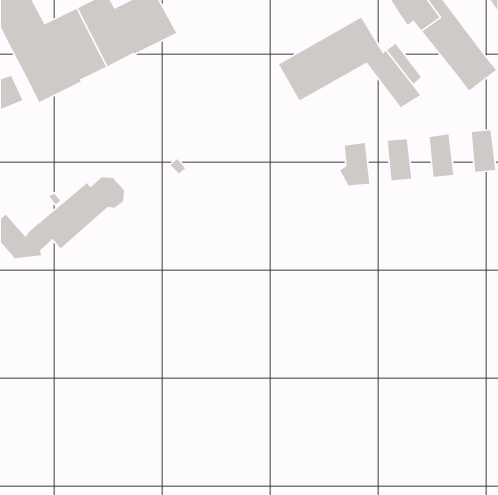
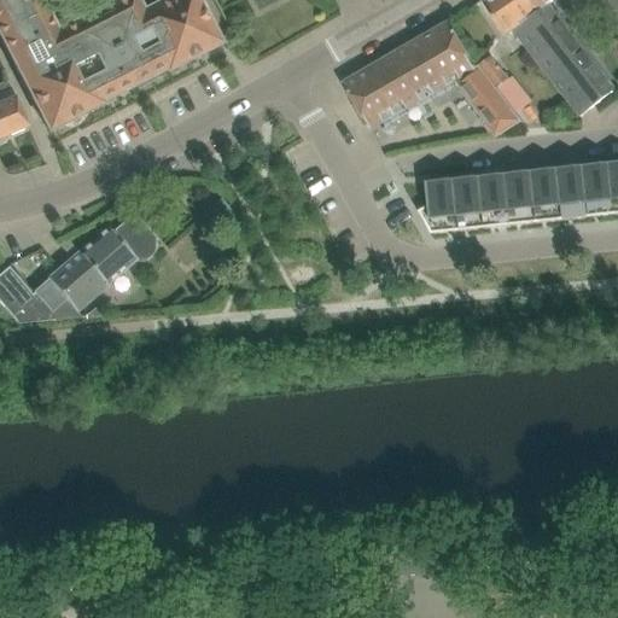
building: none -> [556,163,588,217]
building: none -> [505,169,536,222]
building: none -> [453,174,484,228]

